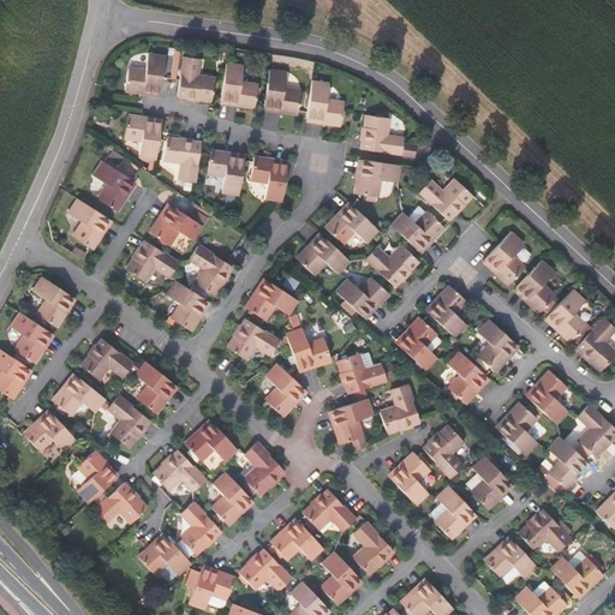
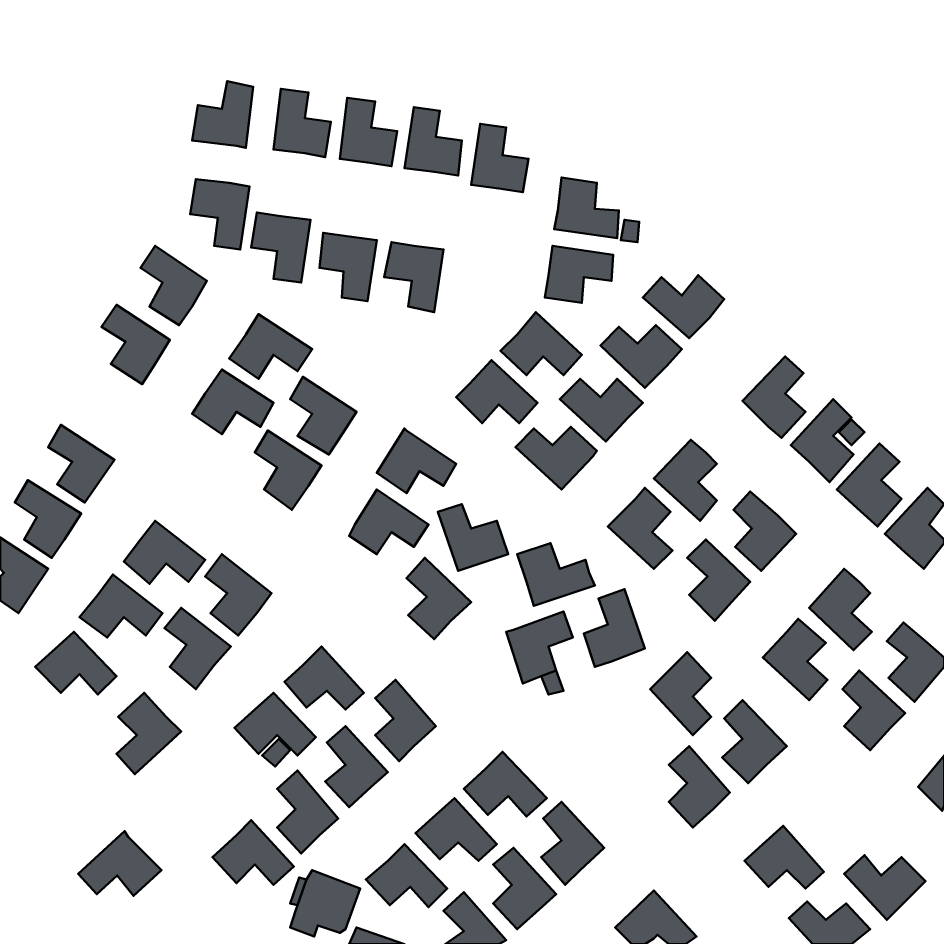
building: [388,452,429,506] -> none
building: [94,482,148,524] -> [78,831,161,896]
building: [518,509,569,551] -> none

